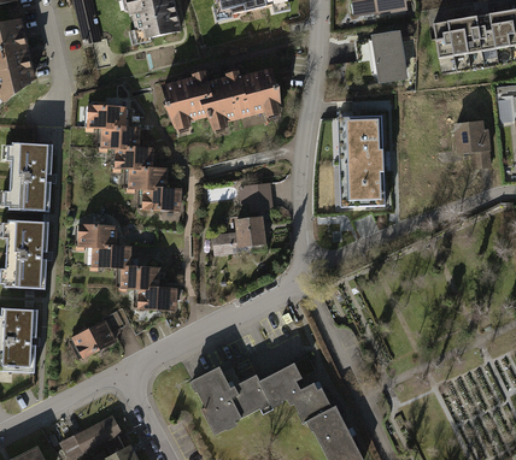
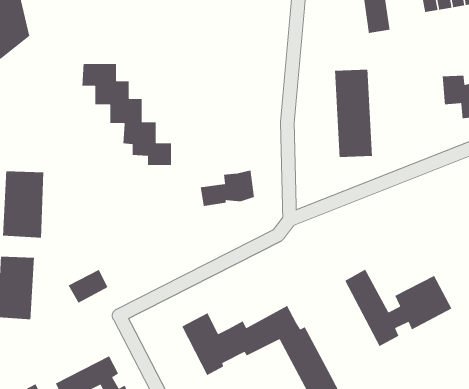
building: [158,75,281,126] -> none
building: [10,142,53,211] -> none
building: [235,183,270,218] -> none
building: [78,224,175,312] -> none
building: none -> [344,268,452,347]

